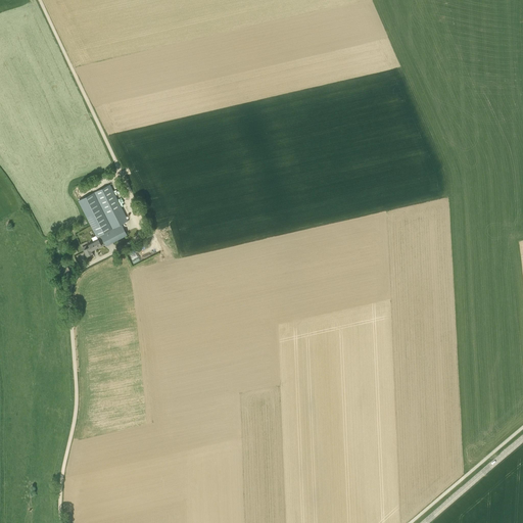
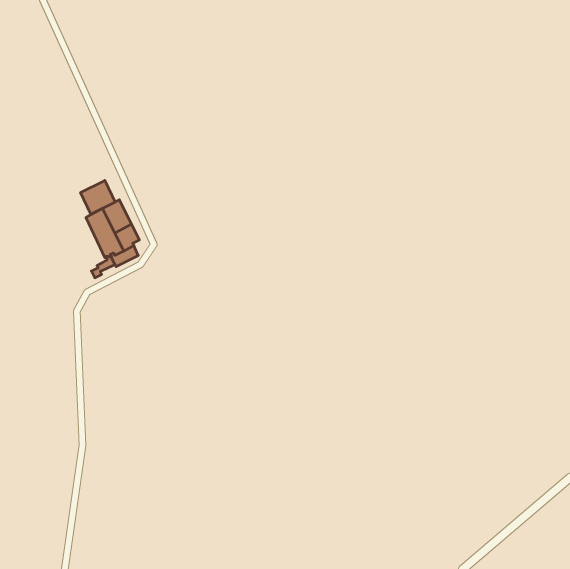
building: none -> [81,180,115,214]

